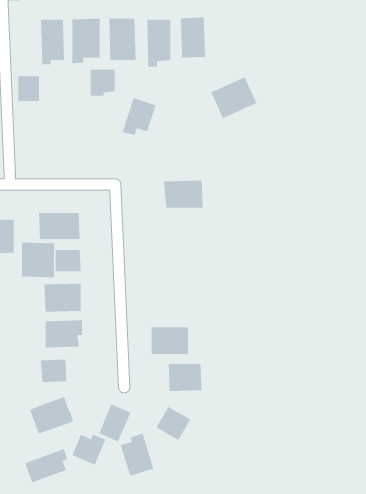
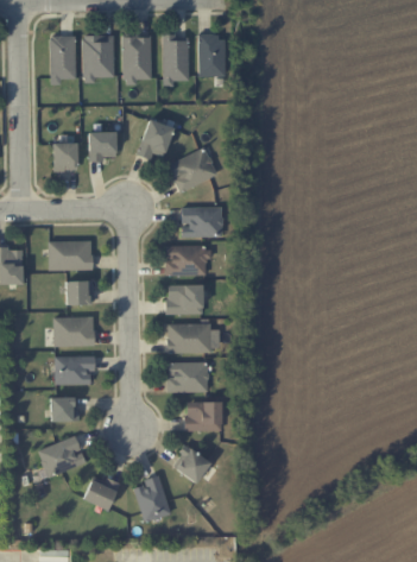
building: [90,69,116,96] -> [89,132,116,160]
building: [18,76,40,101] -> [53,143,77,170]
building: [210,76,257,119] -> [168,147,217,192]
building: none -> [165,245,209,276]
building: [22,242,55,278] -> none
building: none -> [166,284,203,314]
building: none -> [166,323,220,353]
building: [98,403,131,442] -> none
building: [24,448,68,483] -> none

